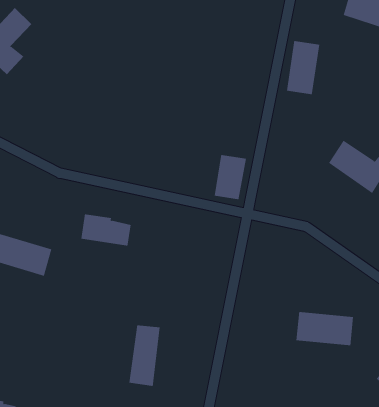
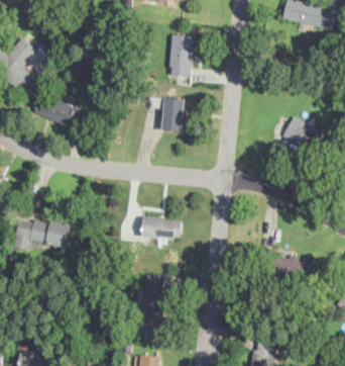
building: [286,41,320,95] -> [168,34,192,76]
building: none -> [35,94,93,125]
building: [214,155,247,200] -> [161,98,185,132]
building: [80,214,131,246] -> [141,216,181,239]

